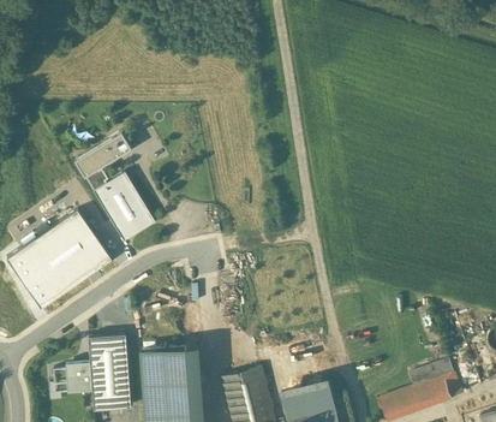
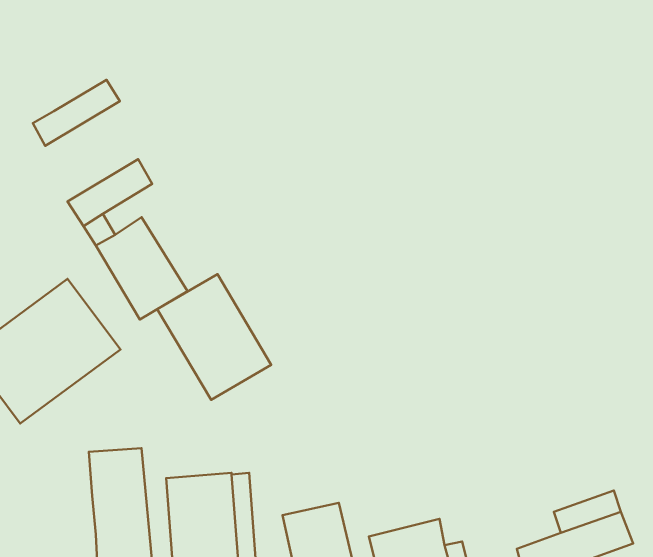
building: none -> [33,80,120,146]
building: none -> [157,274,271,400]
building: [53,362,92,392] -> none

